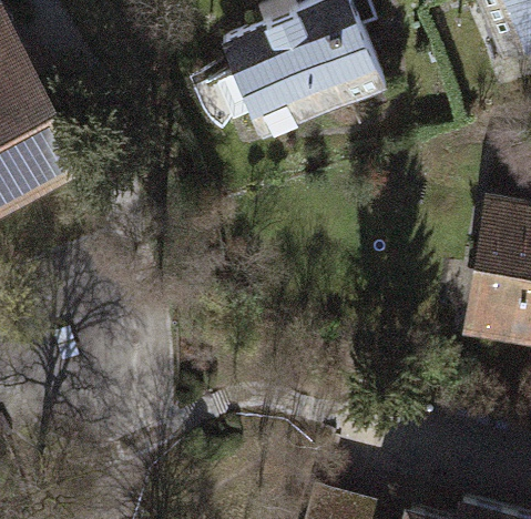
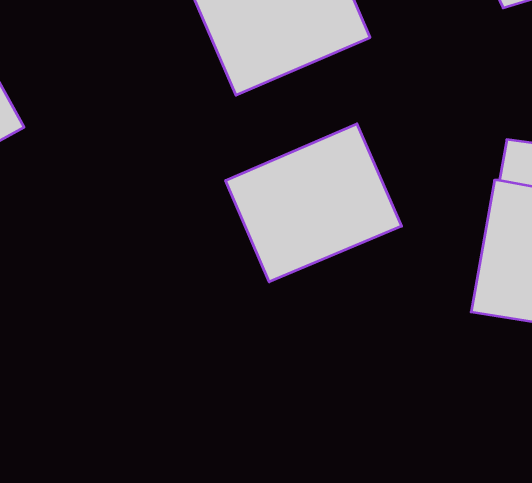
building: none -> [226,124,402,282]

